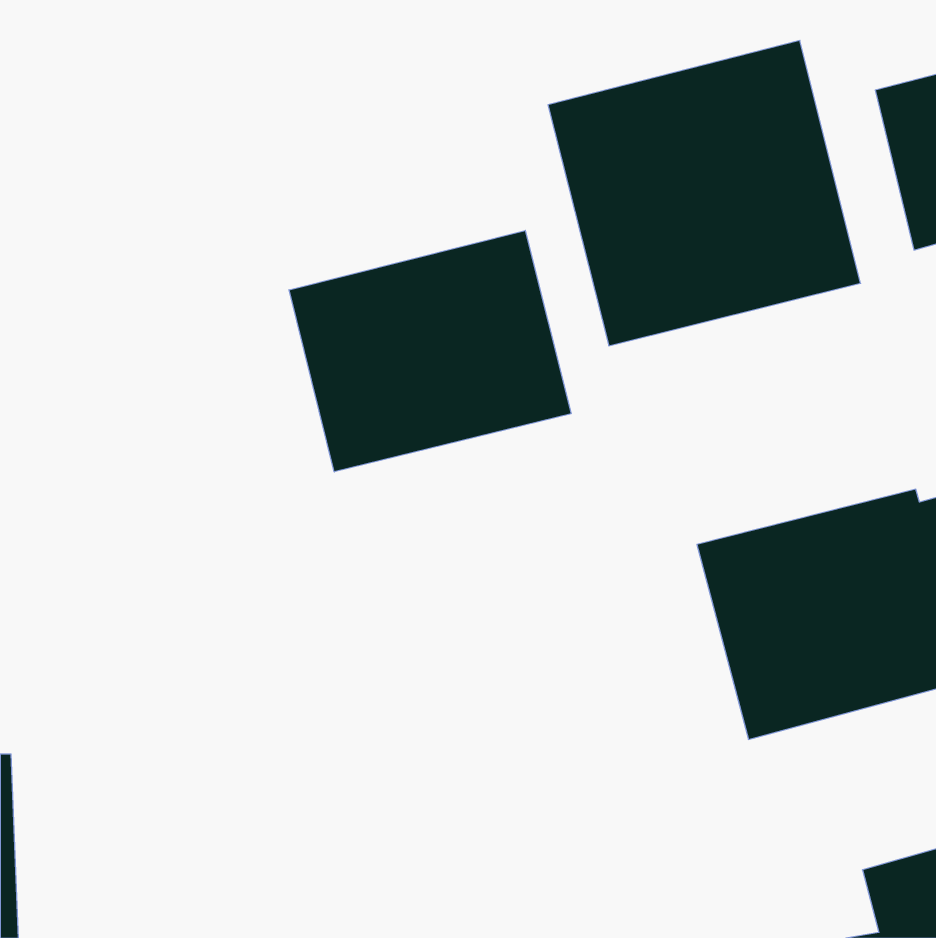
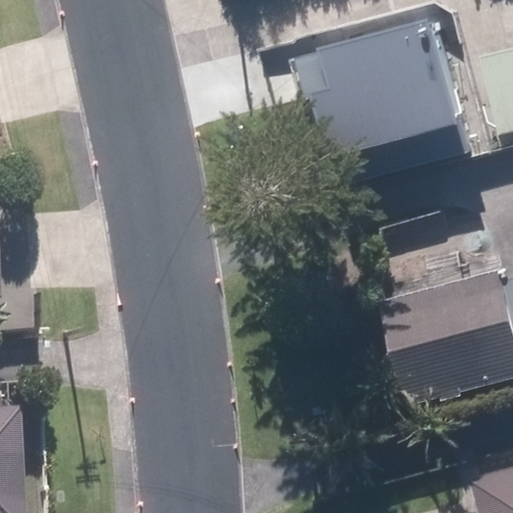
building: [289,230,571,472] -> none

